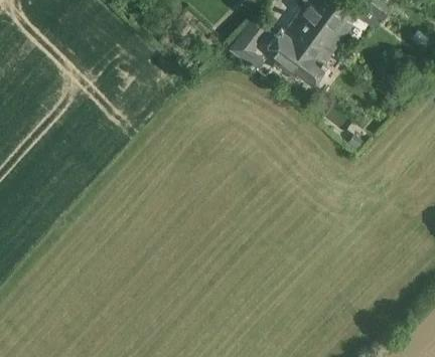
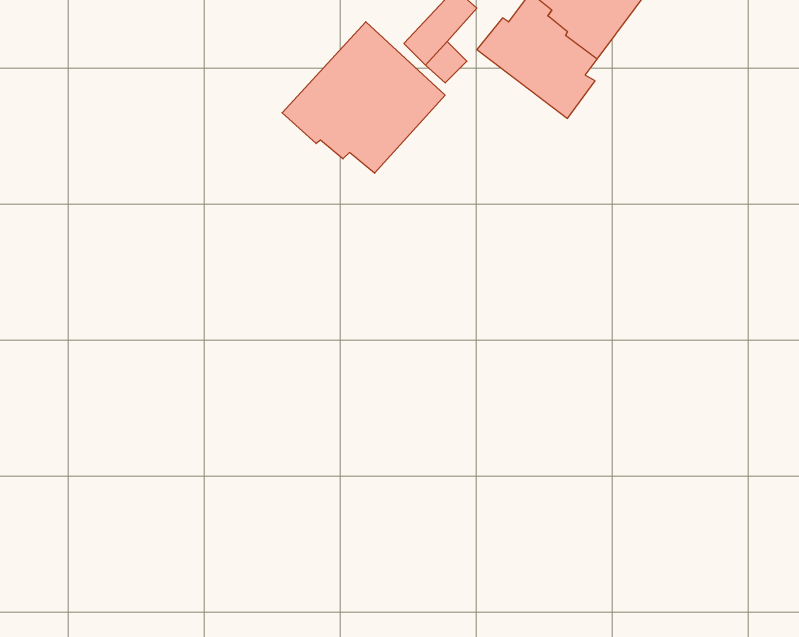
building: none -> [282,22,445,173]

